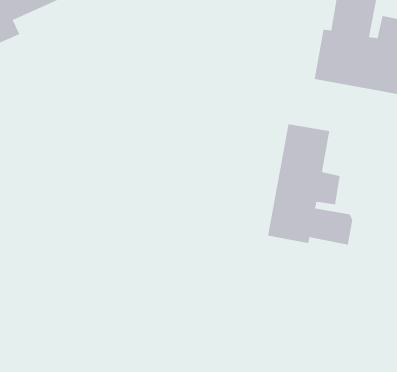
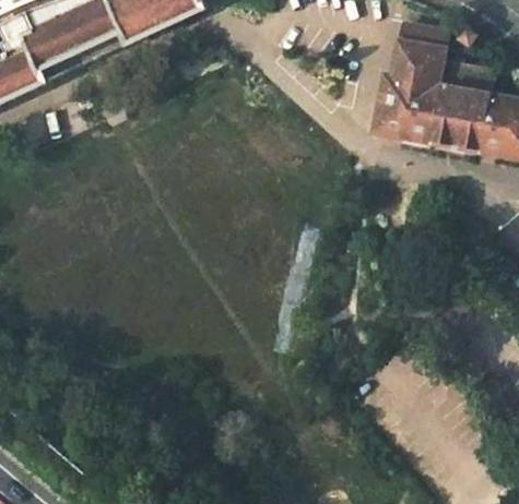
building: [268,123,353,245] -> none

